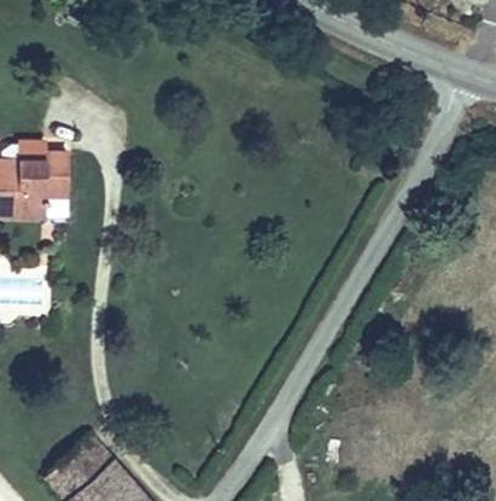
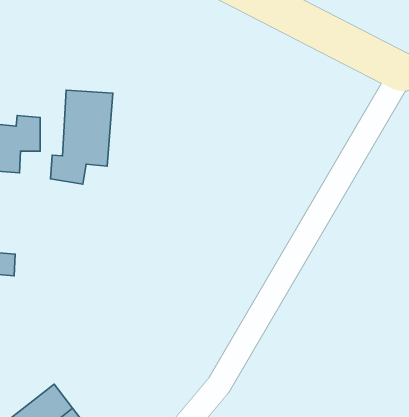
building: none -> [51,90,113,184]

